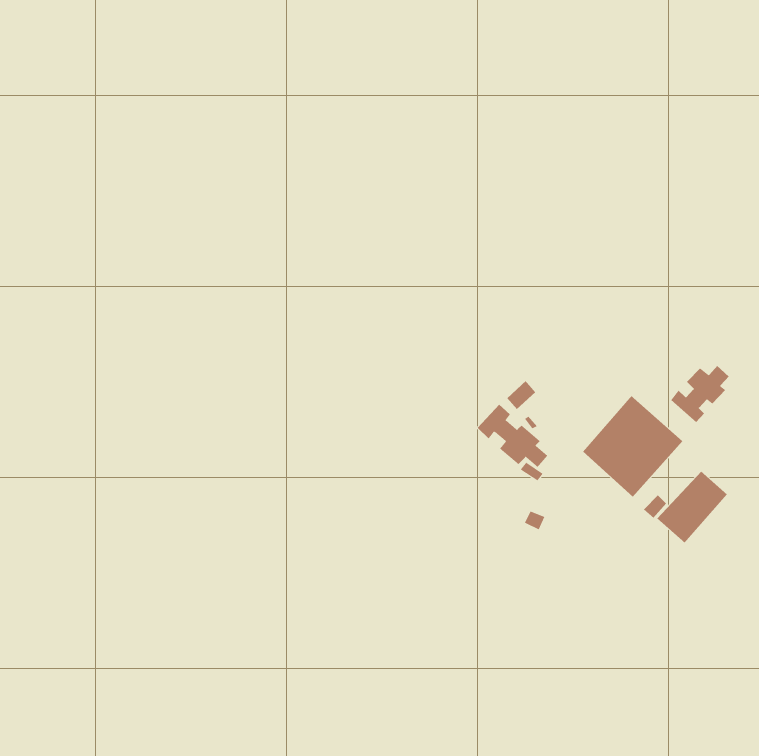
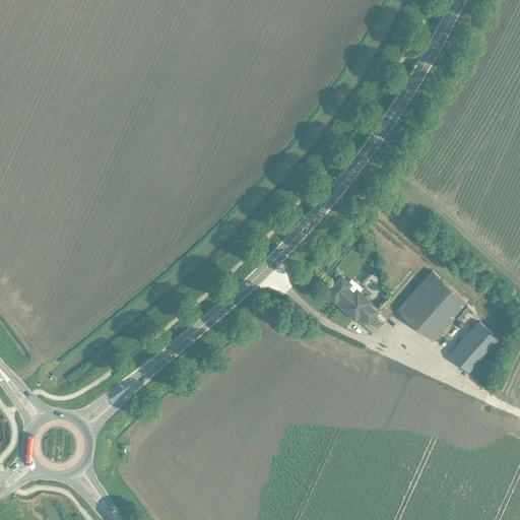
building: [670,365,730,423] -> none

